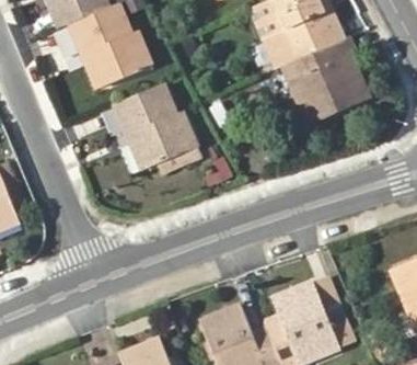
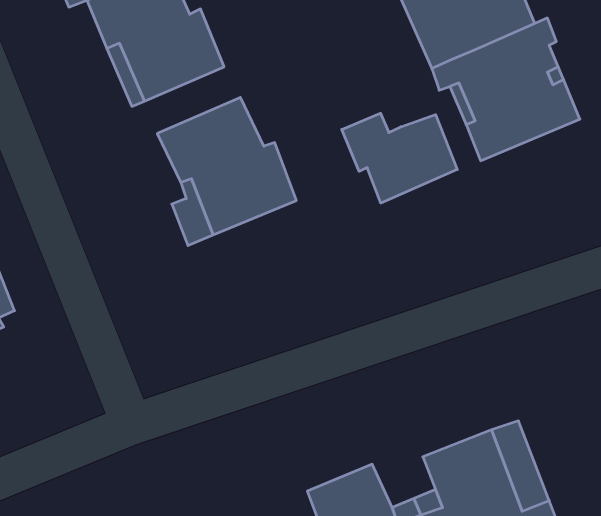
building: none -> [342,113,457,203]

